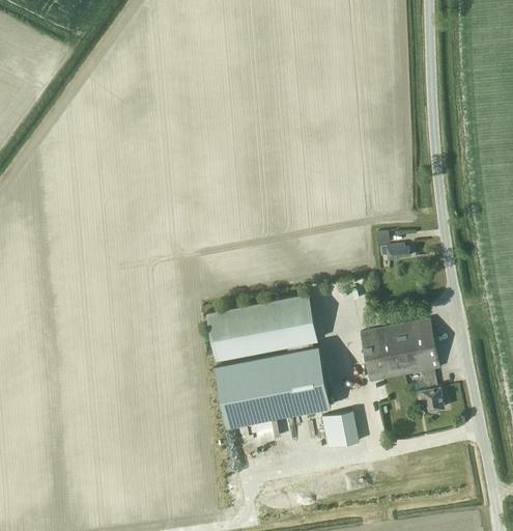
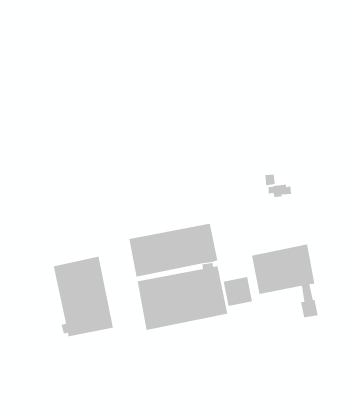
building: none -> [53,256,113,337]
building: [320,412,358,449] -> [223,276,253,306]

